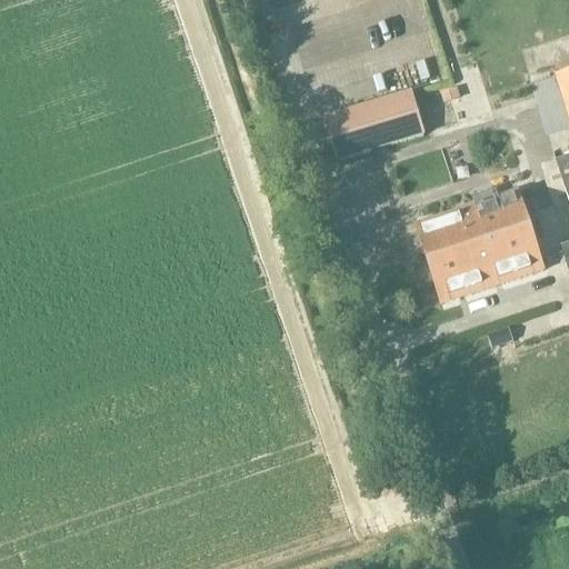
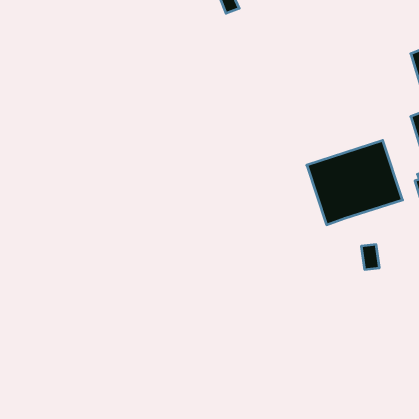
building: [325,89,426,159] -> none

